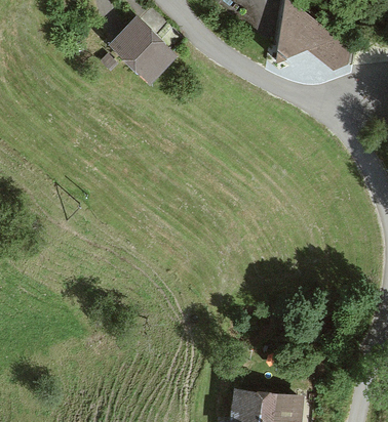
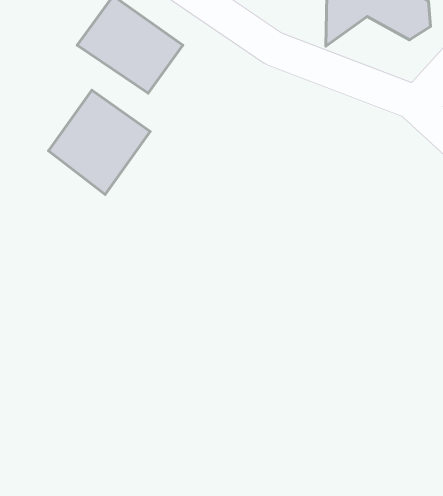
building: none -> [49,90,150,195]

